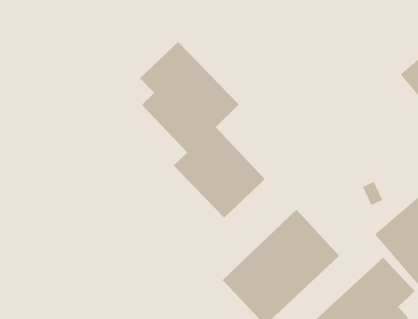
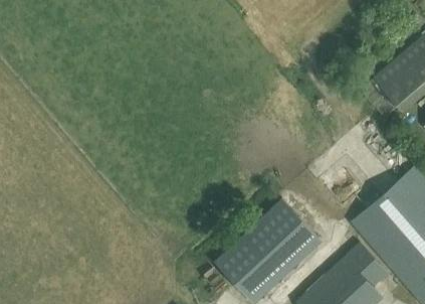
building: [139,41,266,219] -> none

